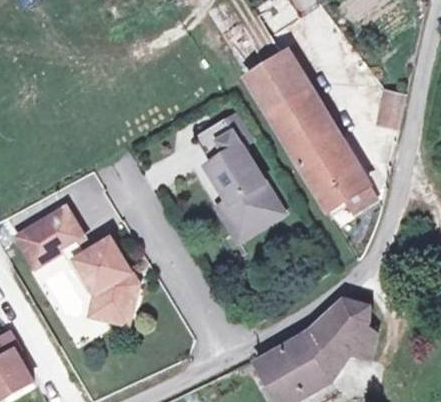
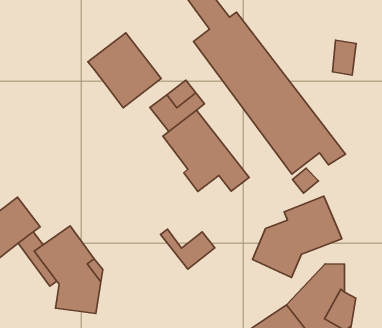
building: none -> [88,33,161,108]
building: [216,200,265,239] -> [161,229,215,269]
building: none -> [252,196,342,278]

